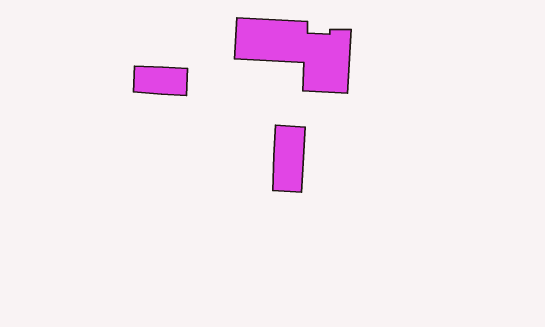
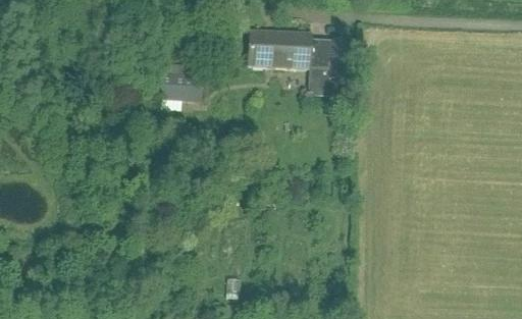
building: [273,125,305,192] -> none

